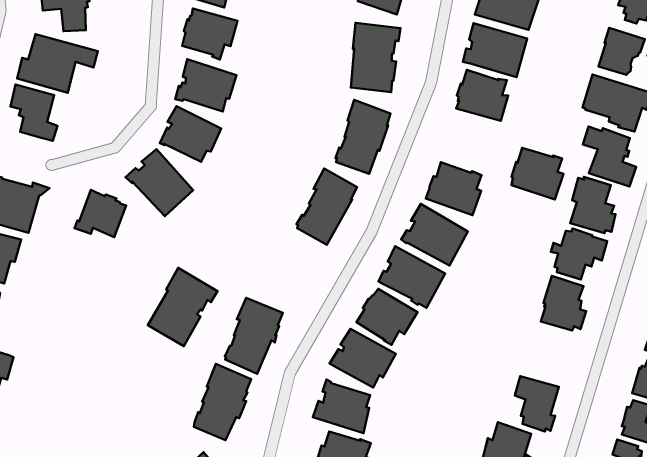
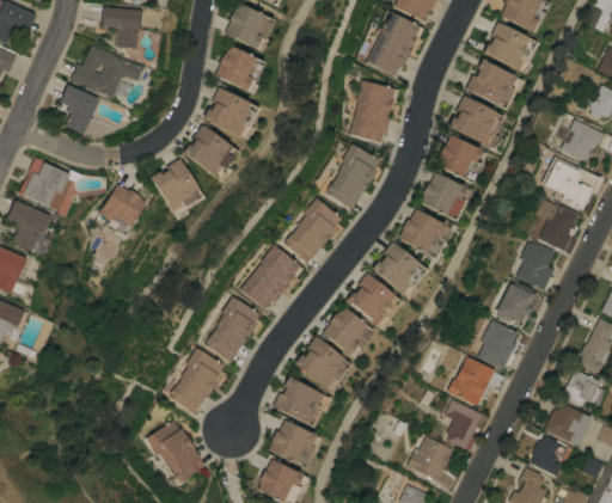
building: [511,148,563,199] -> [420,172,466,220]
building: [148,268,217,346] -> [240,244,304,311]
building: none -> [447,356,504,405]

